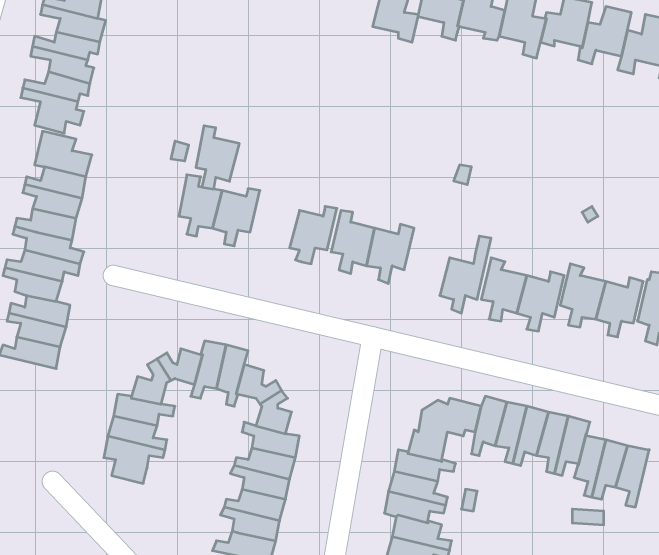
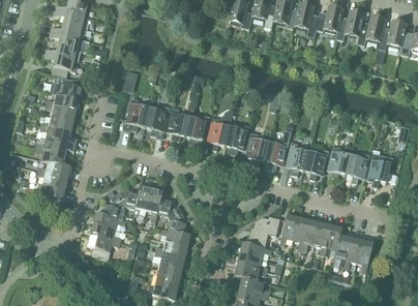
building: [196,126,239,189] -> [168,106,190,140]
building: none -> [246,131,269,164]

